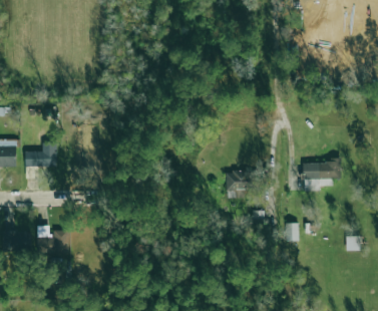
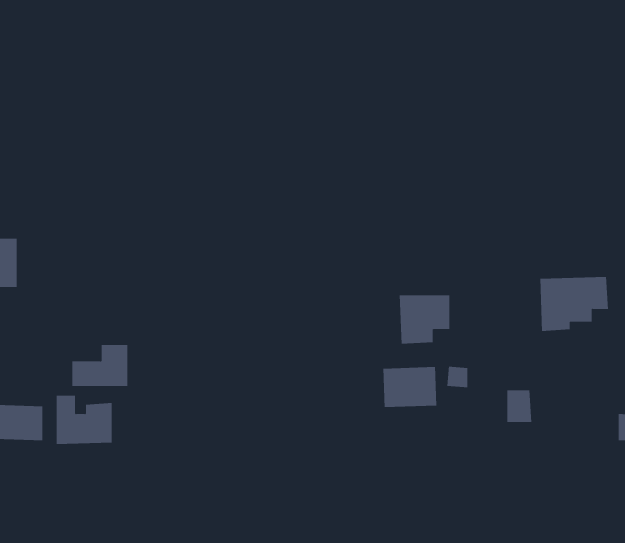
building: [25,142,56,166] -> [71,344,128,386]
building: none -> [383,366,437,408]

